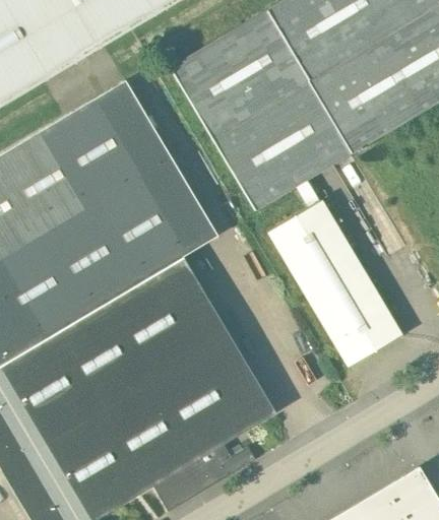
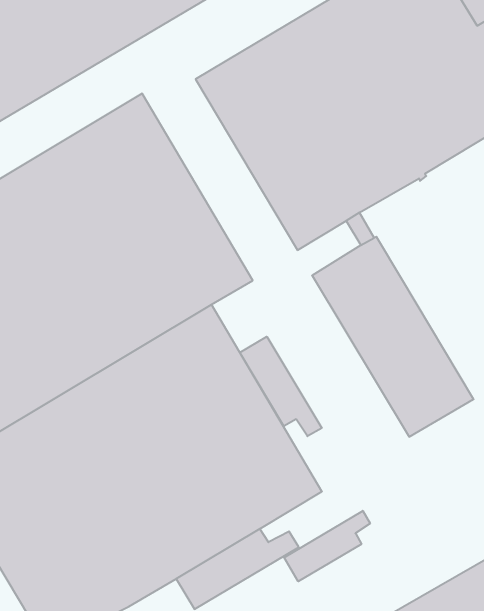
building: none -> [240,337,322,436]
building: none -> [284,511,370,581]

